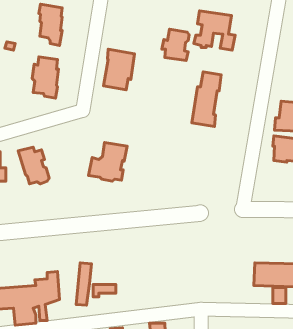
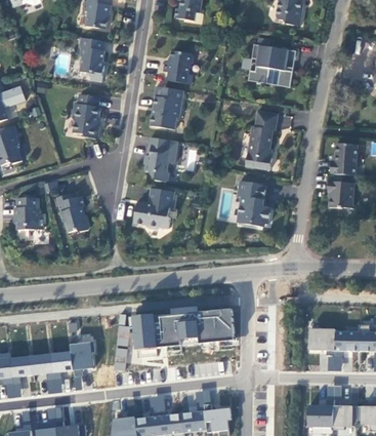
building: [162,29,189,60] -> [162,53,192,87]
building: none -> [142,141,175,185]
building: none -> [235,184,268,229]
building: none -> [135,303,239,344]

